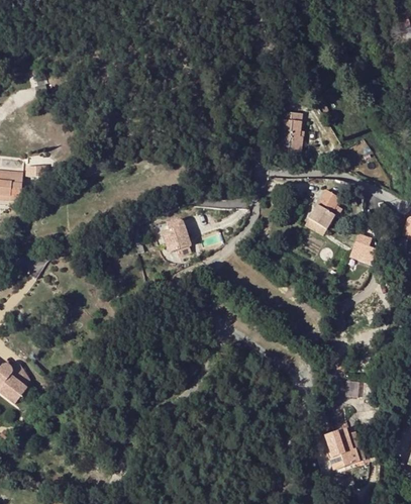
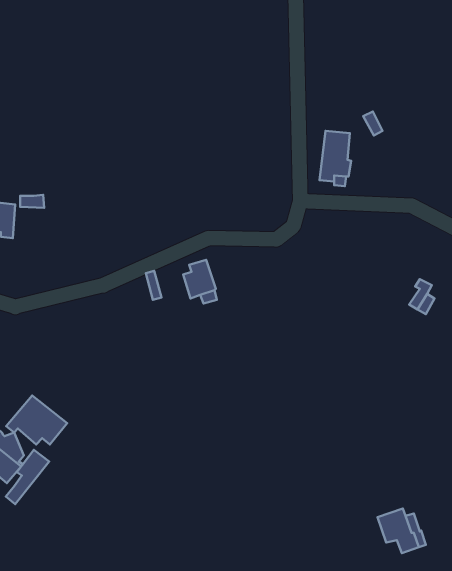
building: [308,187,342,227] -> none
building: none -> [6,395,67,445]
building: none -> [6,450,49,504]

